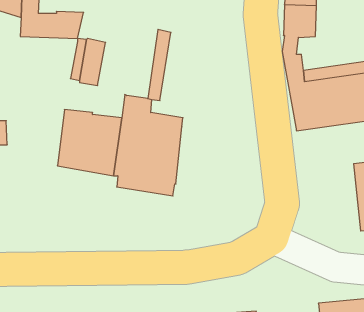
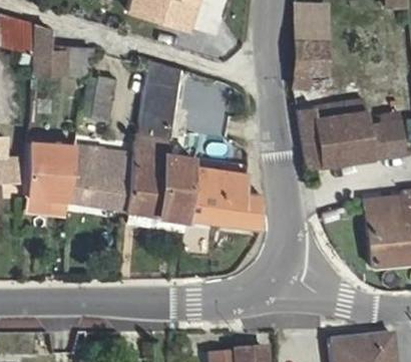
building: none -> [138,60,169,135]
building: none -> [25,141,76,211]
building: none -> [187,163,263,231]

